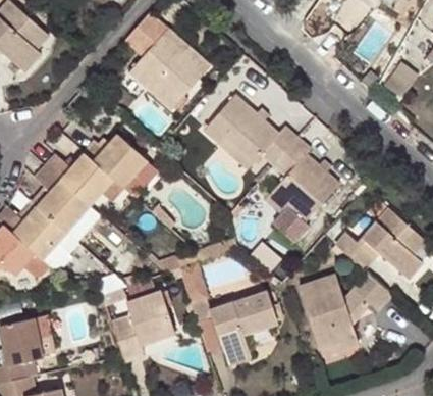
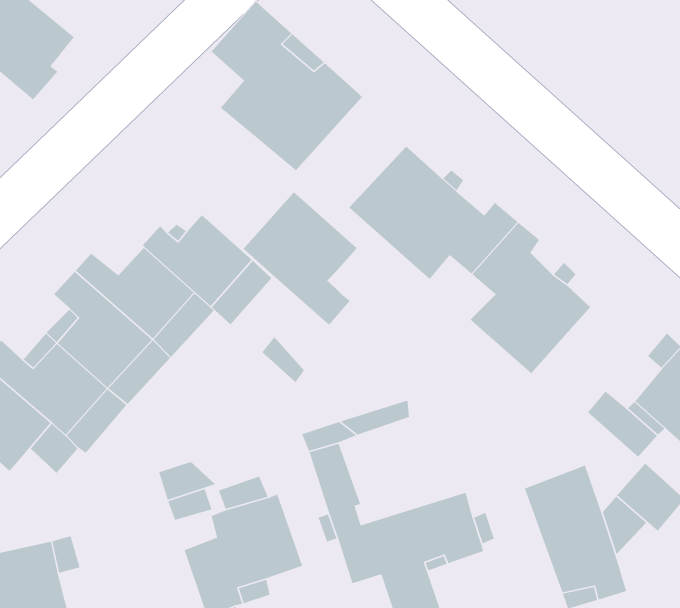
building: none -> [243,192,358,326]

